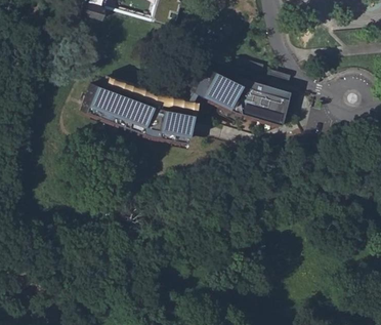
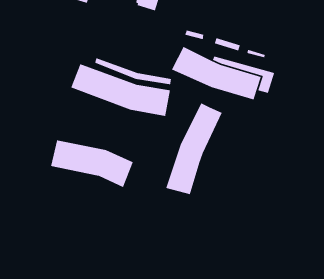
building: none -> [165,102,223,195]
building: none -> [50,140,134,188]

